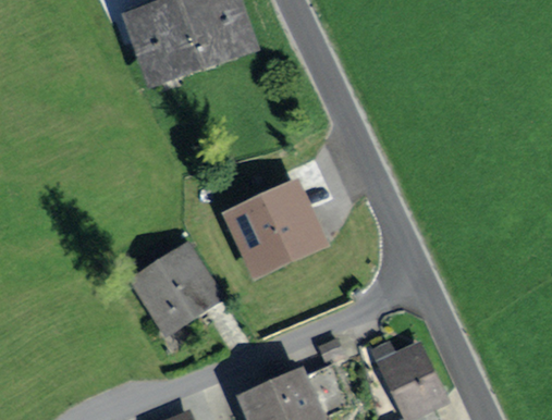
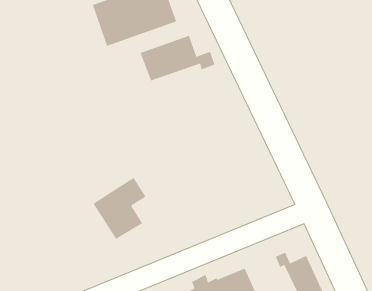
building: none -> [140,35,216,82]
building: [229,190,314,268] -> none

